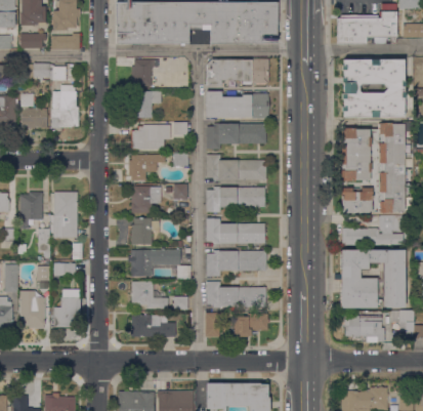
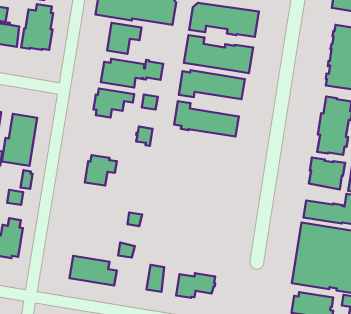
building: [131,187,162,213] -> none
building: [207,187,265,212] -> none
building: [207,218,265,244] -> none
building: [128,248,180,277] -> none
building: [207,250,266,277] -> none
building: [131,282,168,309] -> none
building: [207,282,266,307] -> none

